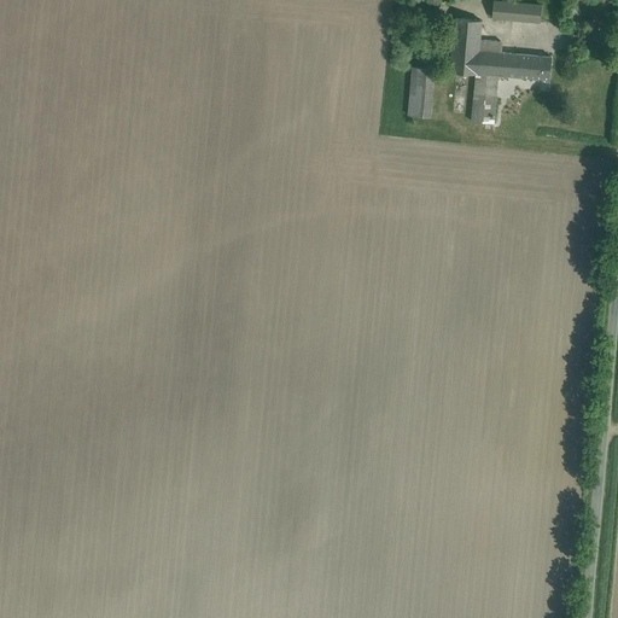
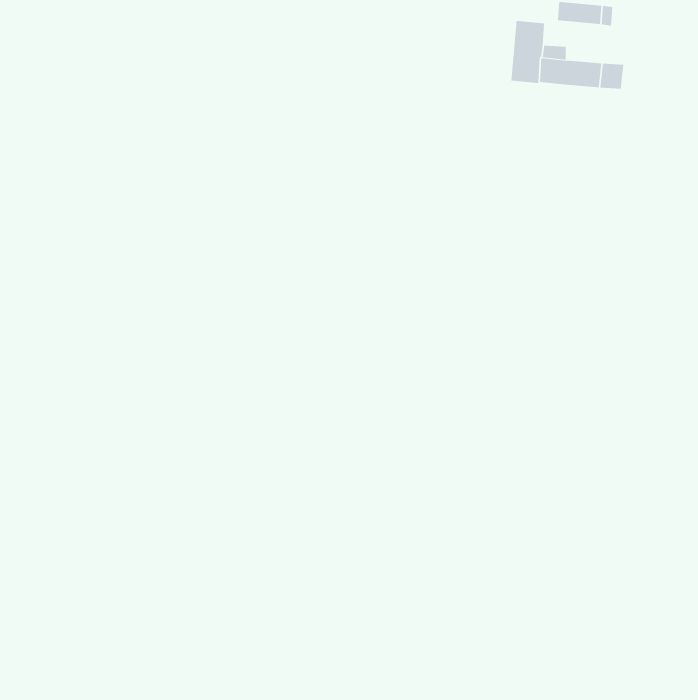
building: [407,66,433,117] -> none
building: [471,72,497,123] -> none

